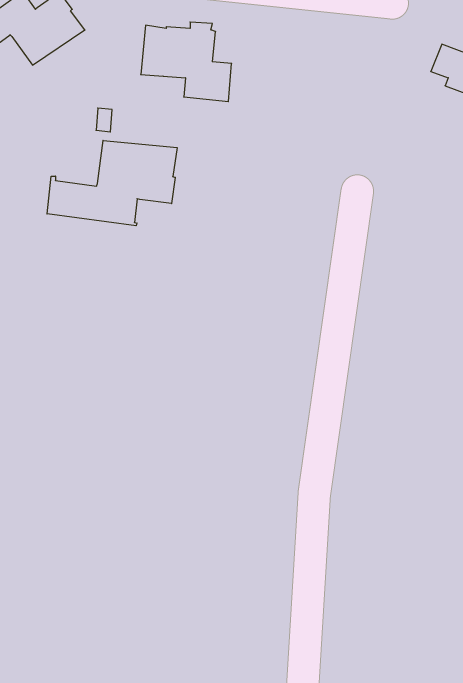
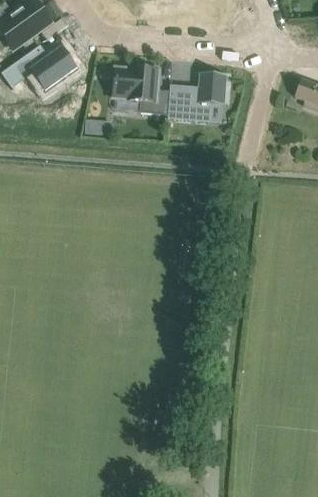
building: none -> [167,73,226,118]
building: [47,140,177,226] -> none

